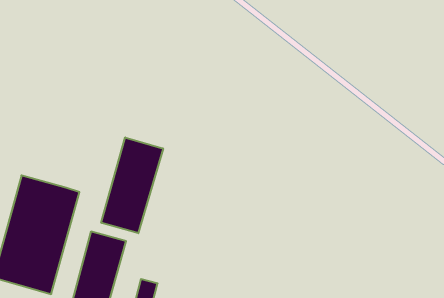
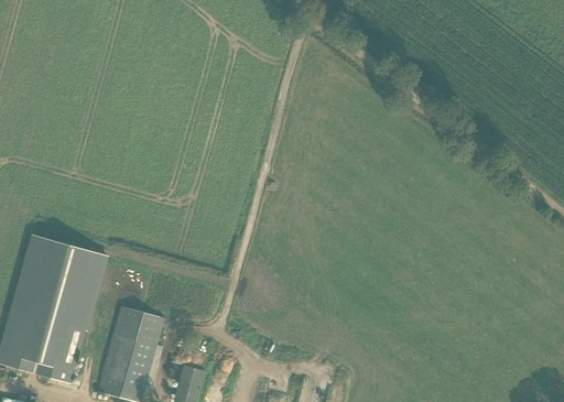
building: [101,137,163,233] -> none

